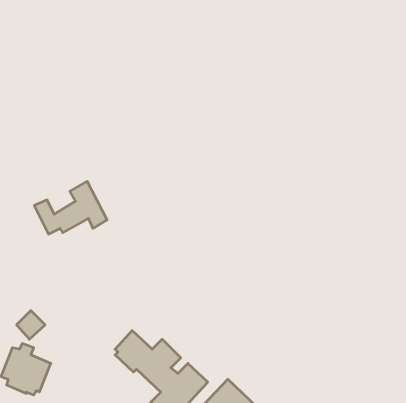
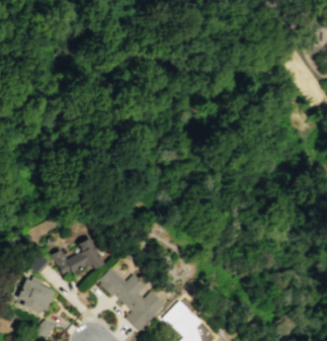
building: [34,181,107,234] -> [53,236,104,273]

